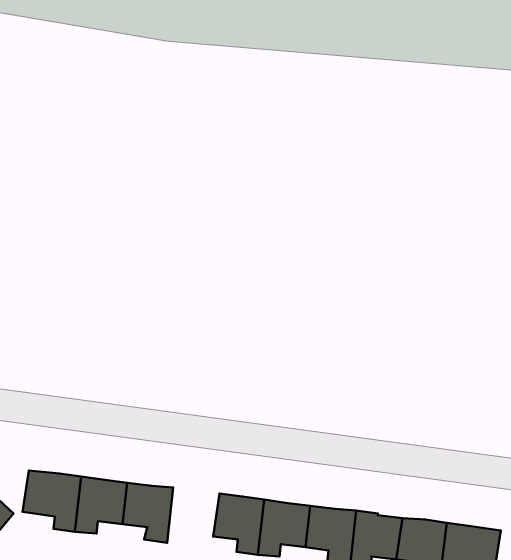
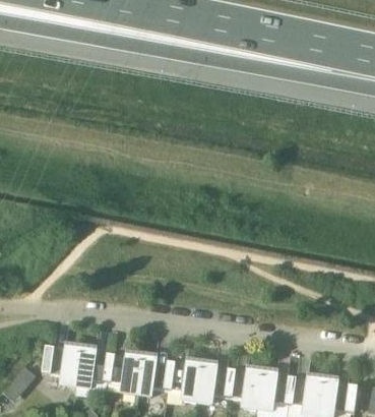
building: none -> [136,358,171,397]

